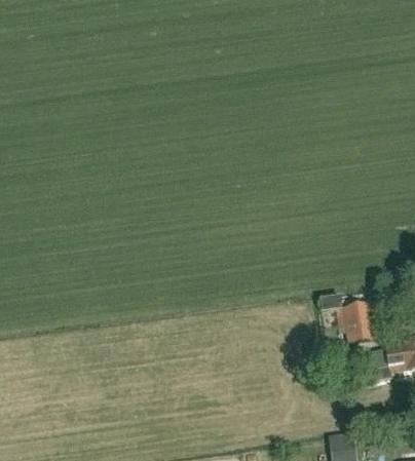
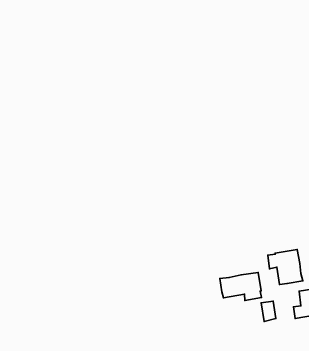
building: none -> [220,272,262,301]

